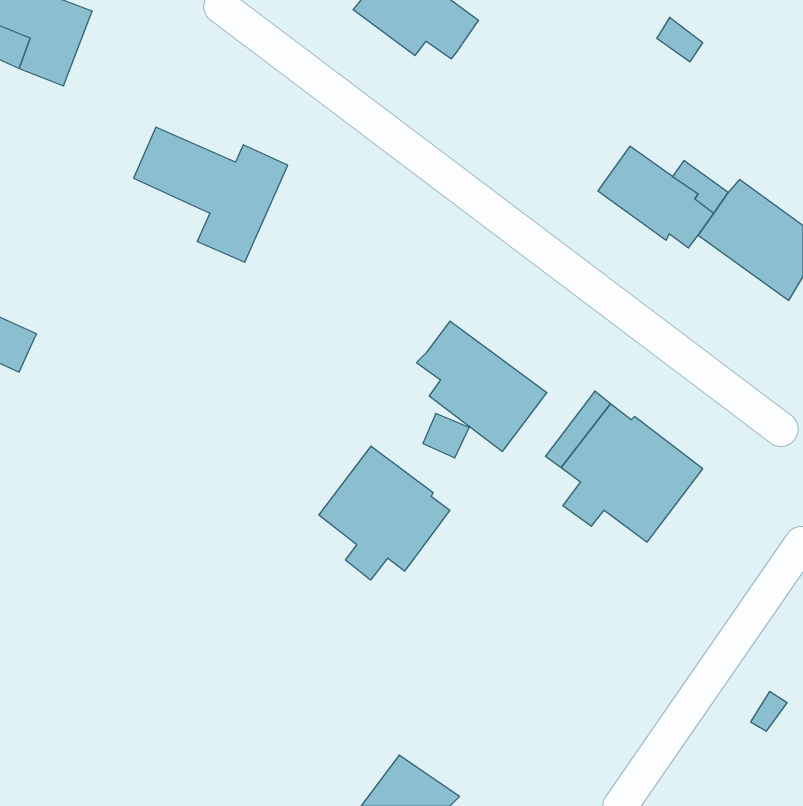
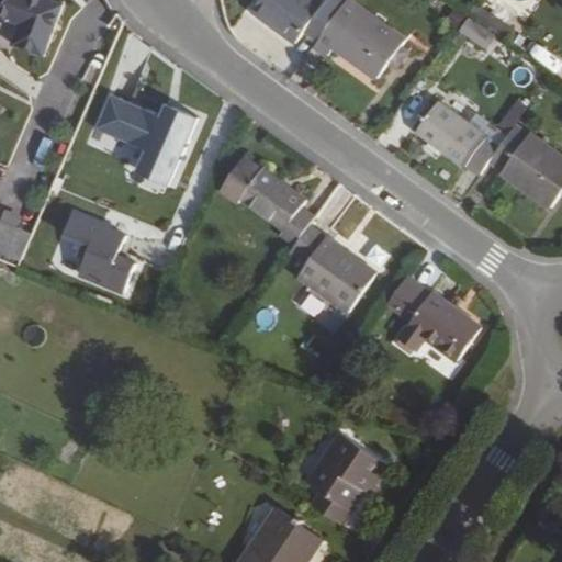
building: none -> [315,7,400,77]
building: none -> [223,157,314,244]
building: none -> [61,210,133,288]
building: [319,446,450,580] -> none
building: none -> [307,446,387,536]

